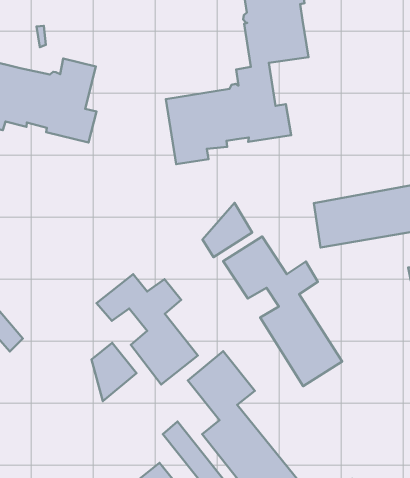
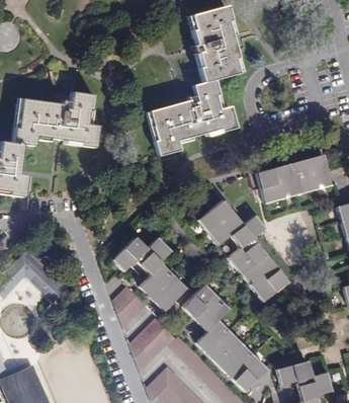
building: [202,203,252,257] -> none
building: none -> [132,316,176,371]

